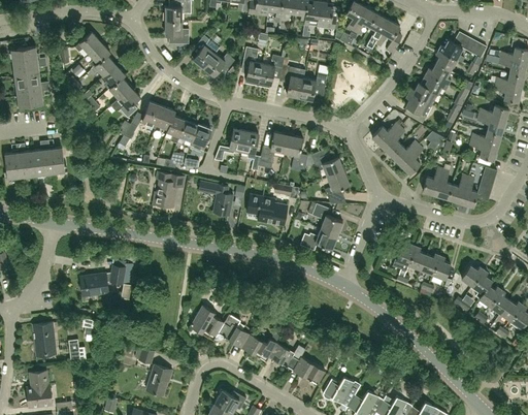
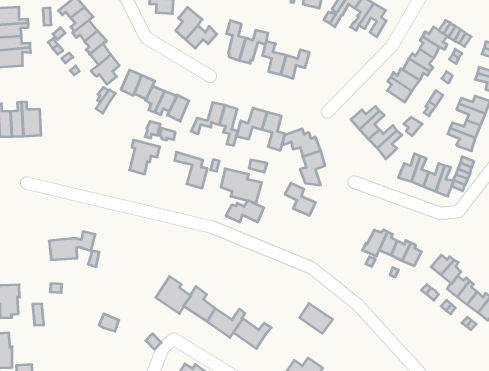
building: [300,229,337,251] -> [226,201,264,222]
building: [293,356,326,385] -> [300,303,333,333]
building: [146,364,173,395] -> none

